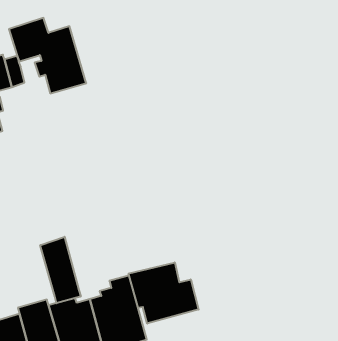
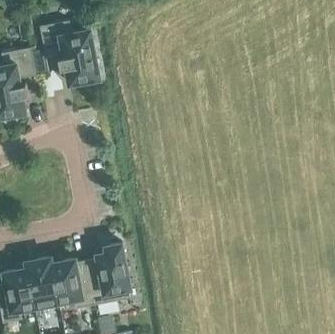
building: [40,237,81,303] -> none
building: [129,262,199,324] -> none

